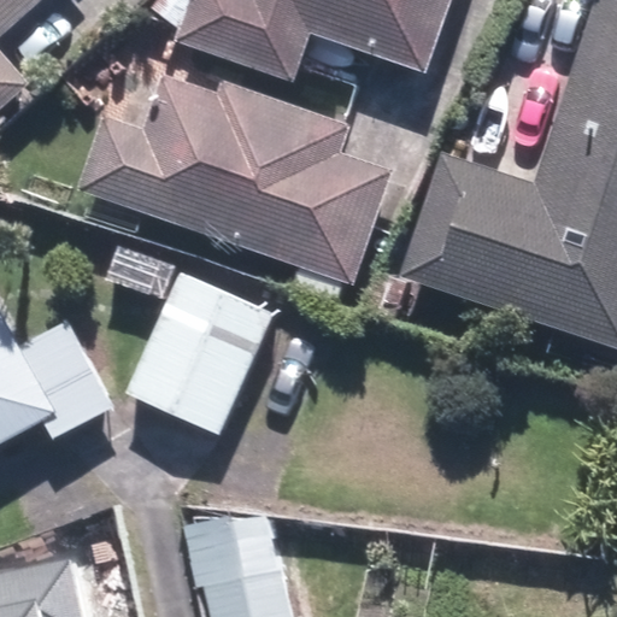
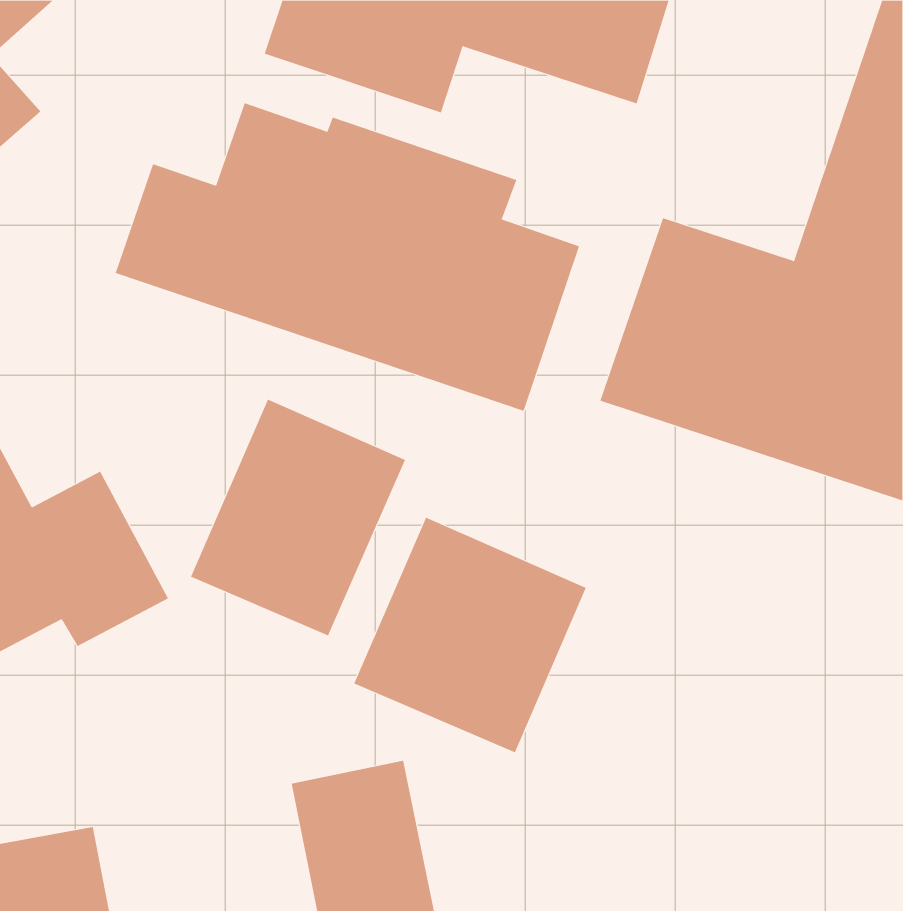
building: none -> [353,517,586,753]

